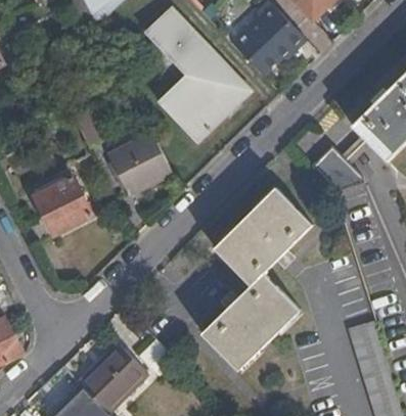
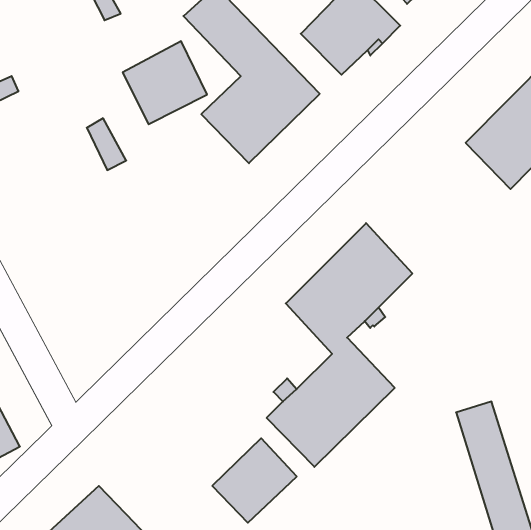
building: [106,132,170,194] -> [123,41,207,124]
building: [316,143,367,188] -> none
building: [34,177,91,234] -> none
building: [81,346,144,410] -> [212,438,297,523]

